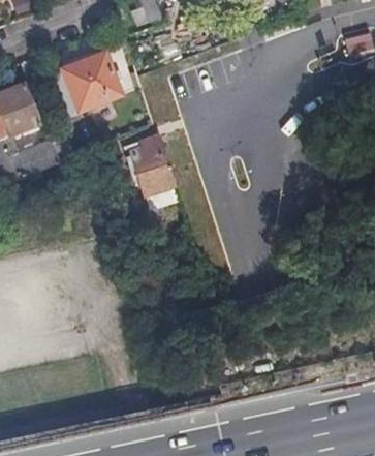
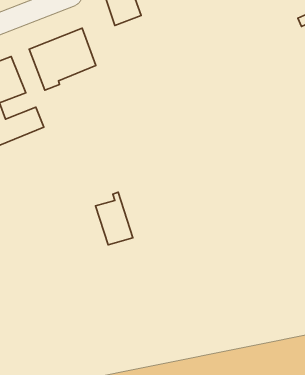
building: [131,135,174,195] -> [96,192,133,245]

